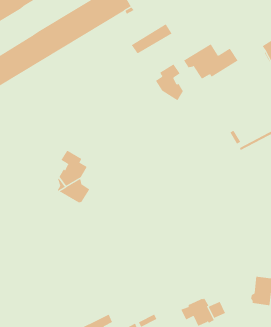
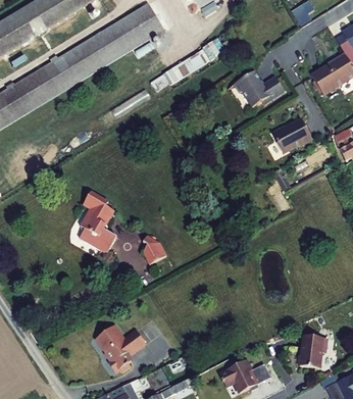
building: [155,64,184,101] -> none
building: none -> [272,118,313,152]
building: none -> [143,235,166,263]
building: none -> [98,325,146,370]

